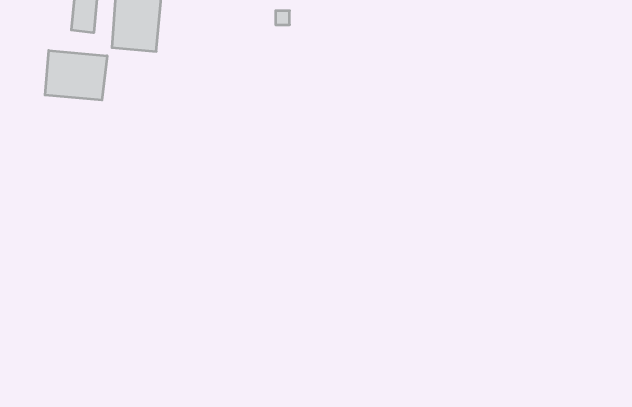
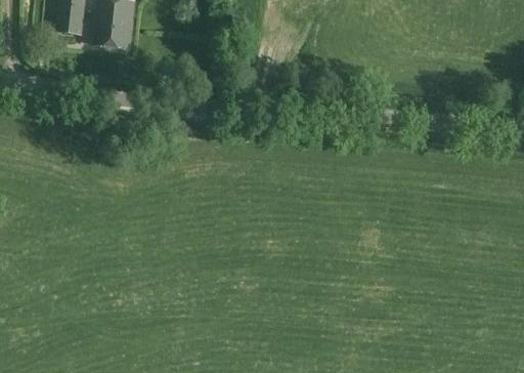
building: [45,50,107,100] -> none

